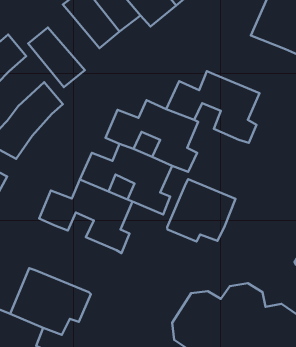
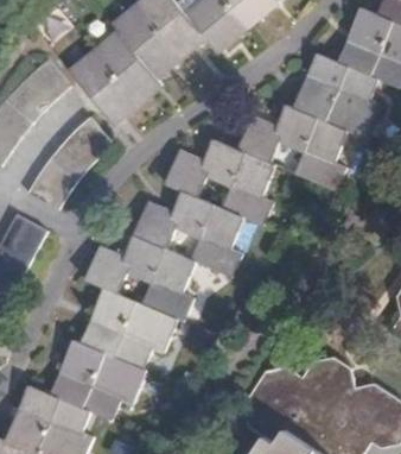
building: none -> [95,33,161,103]
building: none -> [293,53,380,138]
building: [167,179,236,241] -> none
building: none -> [79,289,177,368]

